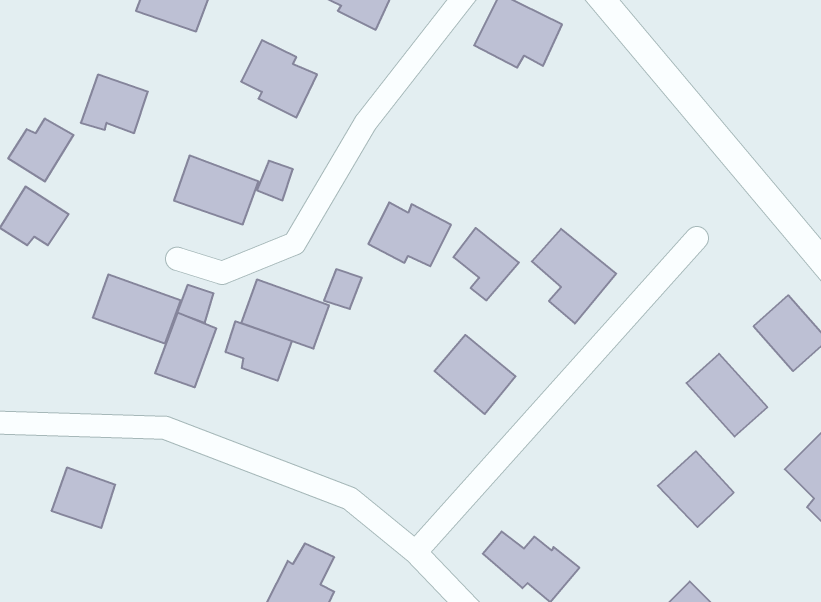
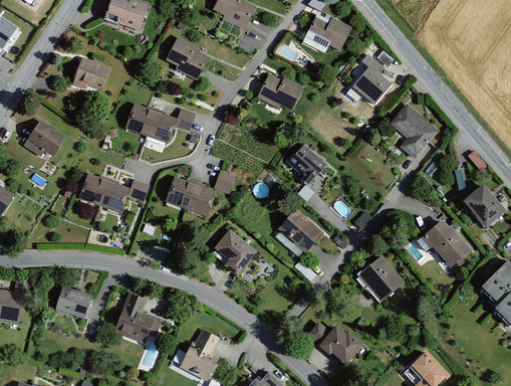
building: none -> [351,54,392,107]
building: [8,118,74,182] -> none
building: [368,202,451,266] -> [256,73,304,111]
building: [532,229,616,324] -> [390,104,439,159]
building: [155,313,216,387] -> none
building: [226,321,292,381] -> none
building: none -> [215,230,257,278]
building: [658,451,734,527] -> [358,256,403,301]
building: none -> [112,291,161,343]

